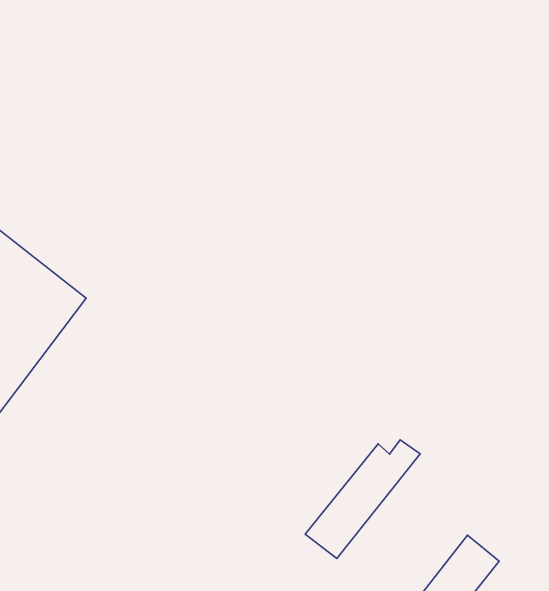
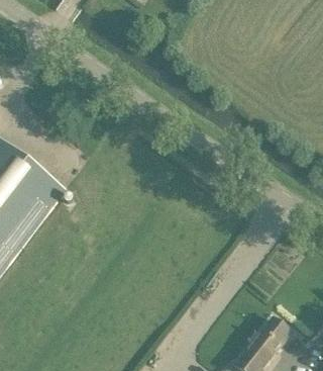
building: [305,440,420,559] -> none

